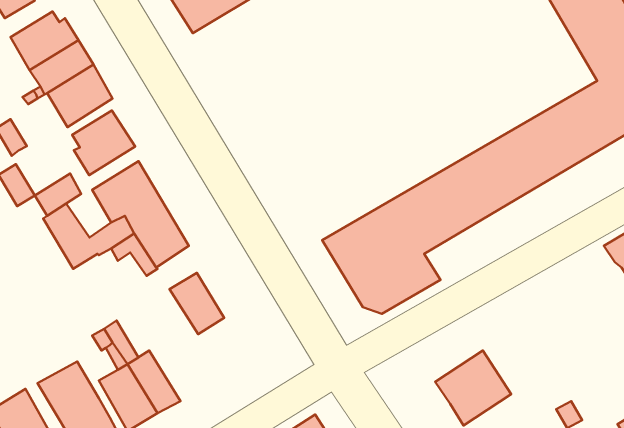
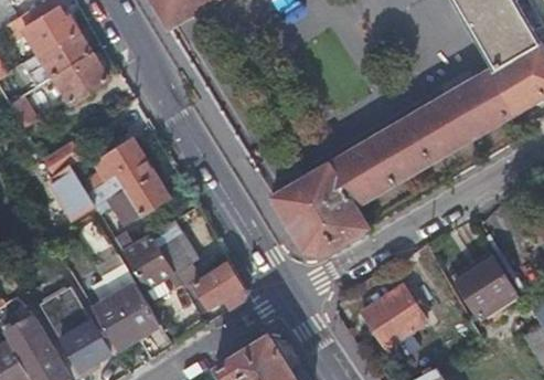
building: [72,110,135,175] -> none
building: none -> [113,232,172,300]
building: none -> [455,258,512,314]
building: none -> [193,265,244,312]

